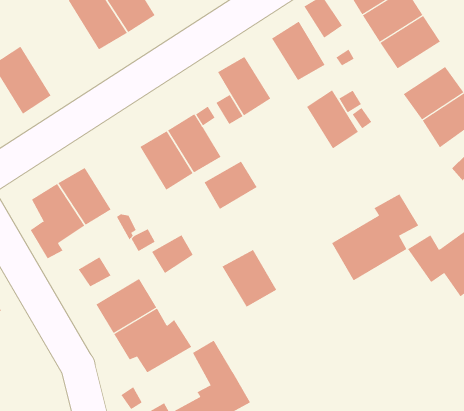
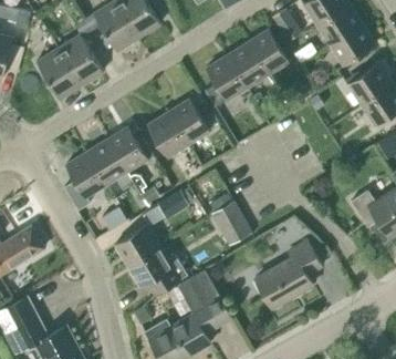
building: none -> [58,34,103,85]
building: [306,89,359,149] -> [227,42,267,88]
building: none -> [106,126,147,172]
building: [204,161,258,210] -> none
building: [331,193,419,281] -> [254,242,321,308]

